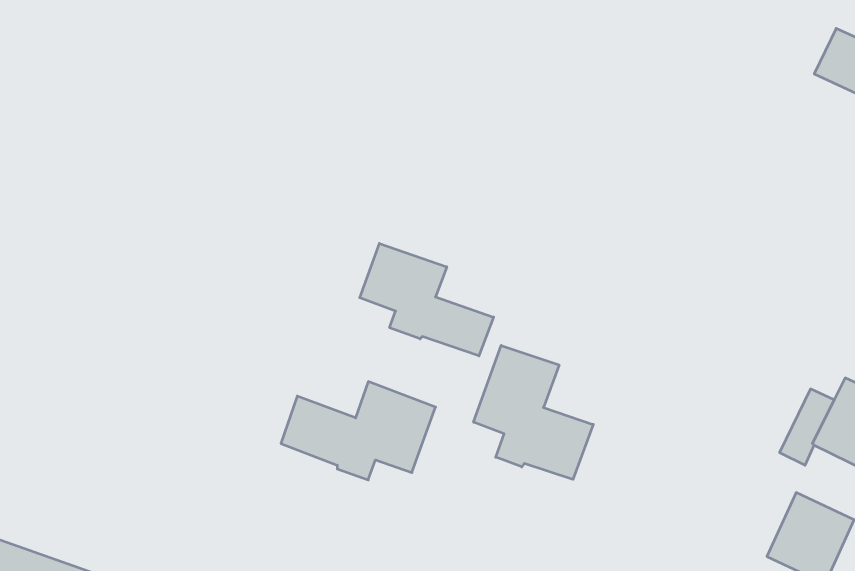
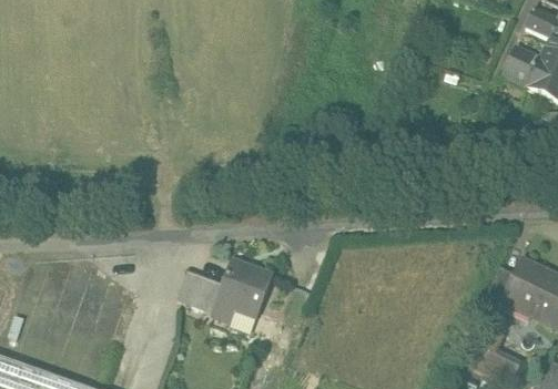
building: [360,243,494,356] -> none
building: [474,345,593,479] -> none

